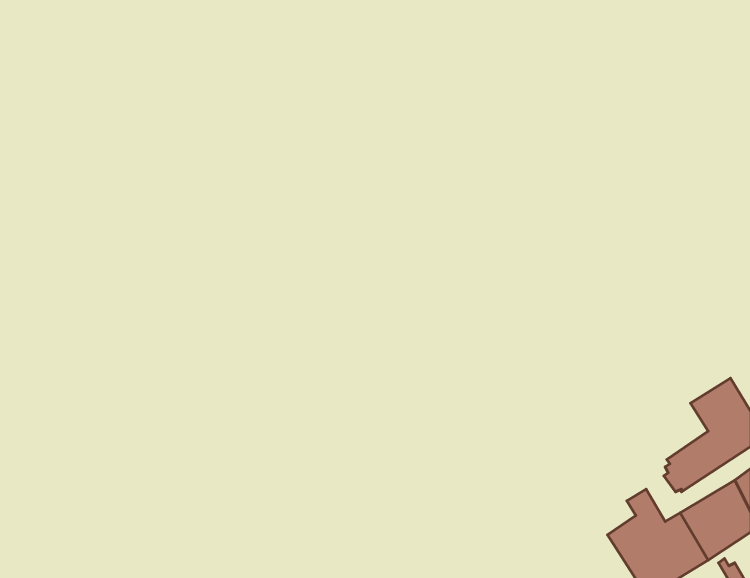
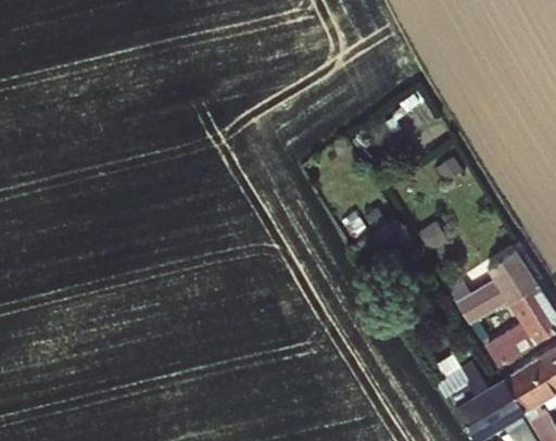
building: none -> [459,251,536,324]

